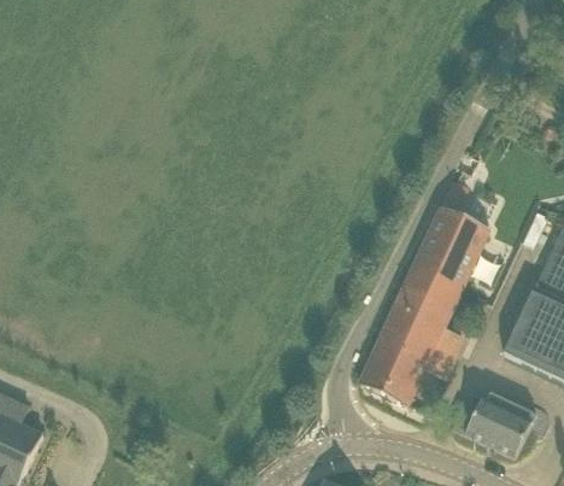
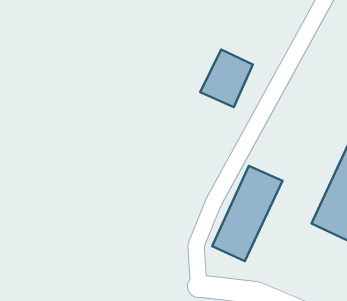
building: [413,205,489,288] -> [200,50,253,107]
building: [453,388,536,456] -> none

